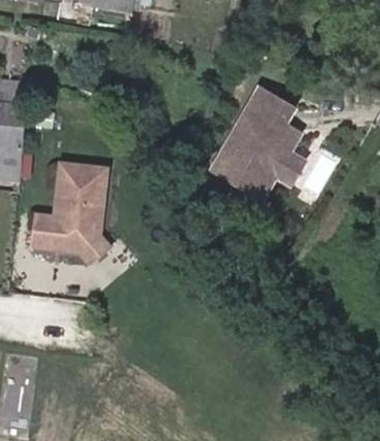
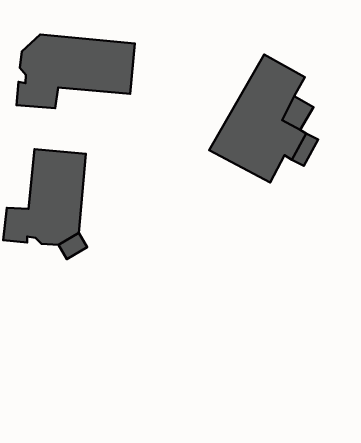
building: none -> [16,35,135,108]

